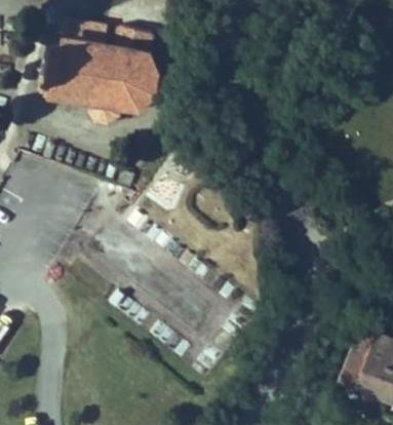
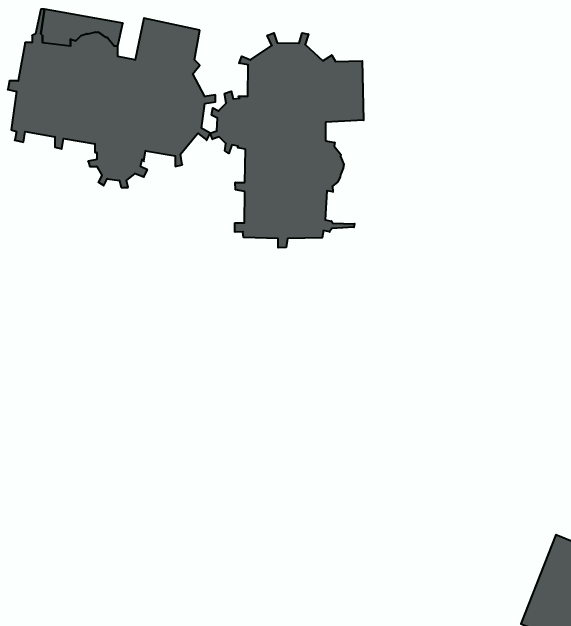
building: none -> [210,33,364,248]

